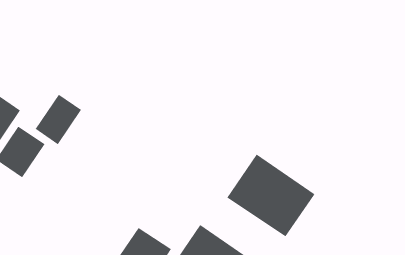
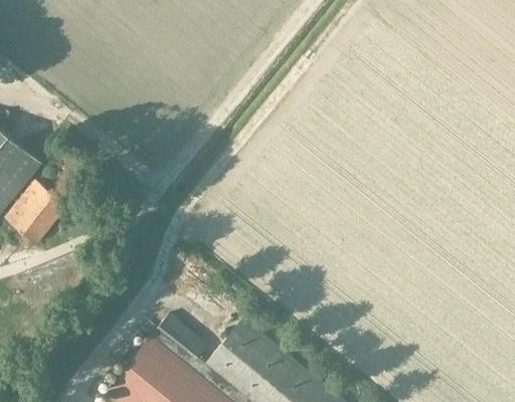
building: [35,94,82,145] -> none
building: [226,154,315,237] -> none

